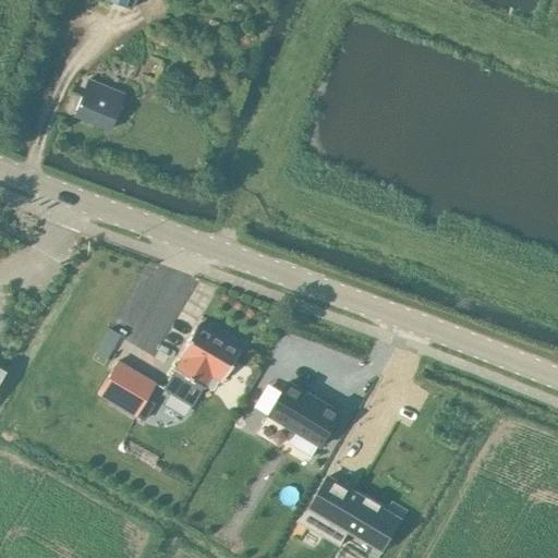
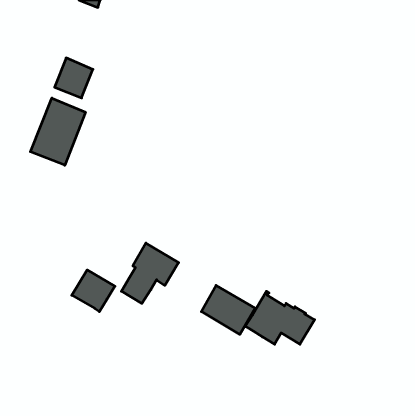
building: none -> [30,98,85,165]
building: [302,476,395,547] -> [245,291,315,344]

